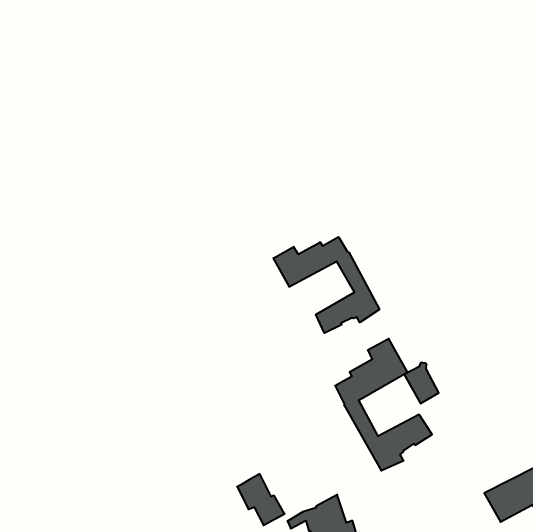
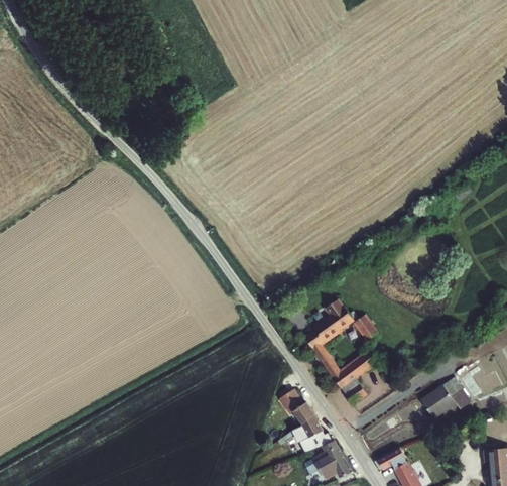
building: [273,237,379,333] -> none
building: [237,474,285,525] -> [279,388,315,424]

